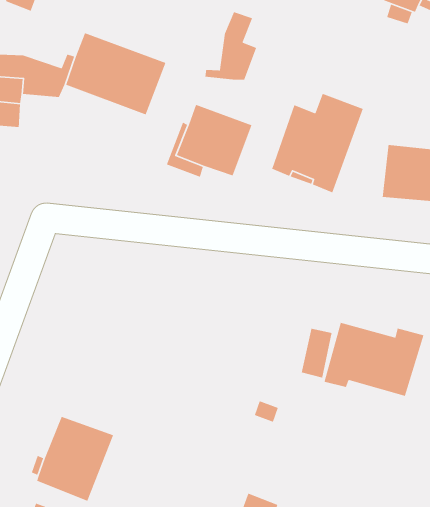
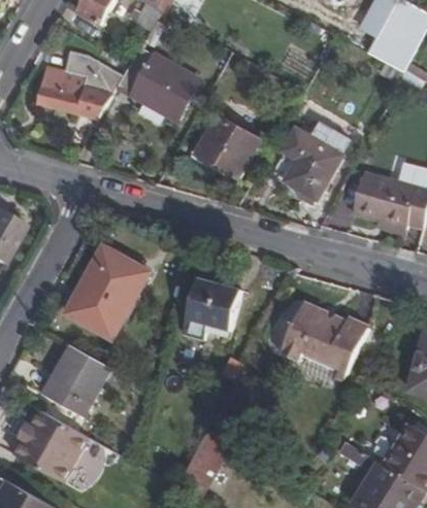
building: [204,11,257,80] -> none
building: none -> [75,248,152,337]
building: none -> [184,277,241,335]

